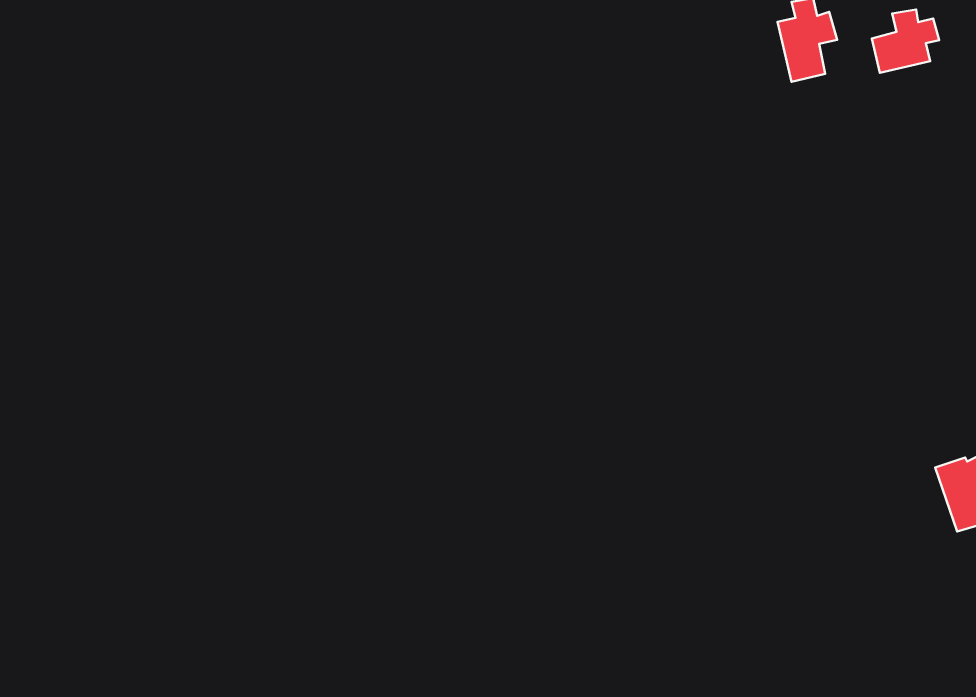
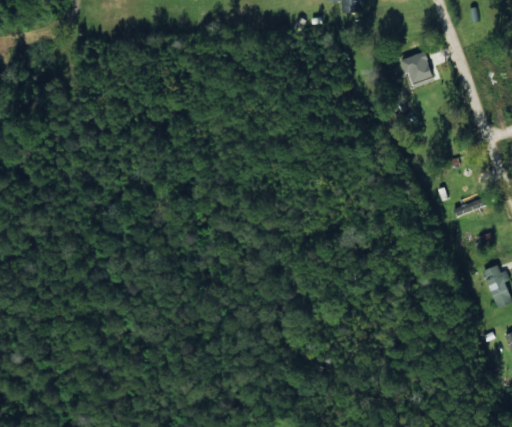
building: [872,10,939,73] -> none

